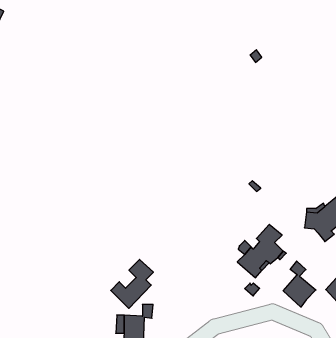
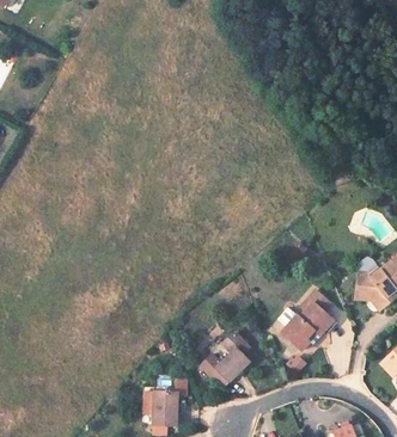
building: [111,259,153,308] -> [202,332,250,387]
building: [283,261,316,307] -> none

